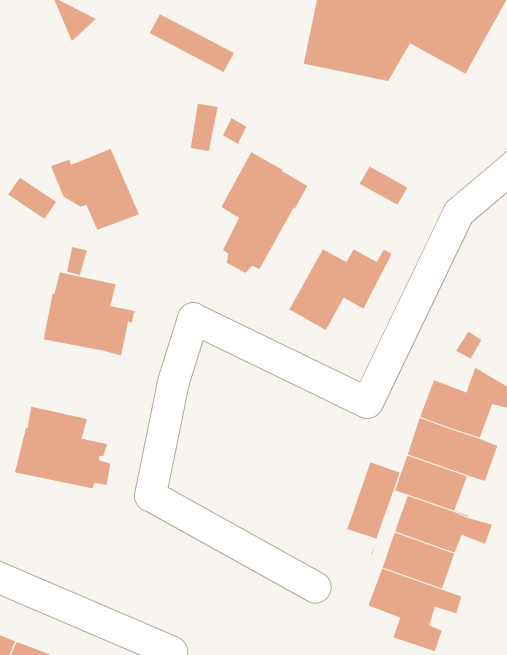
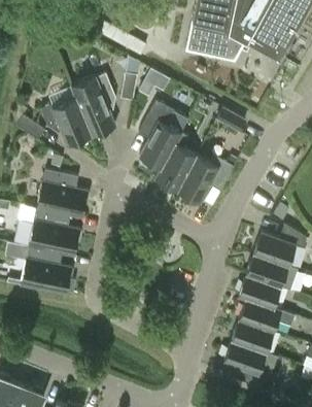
building: none -> [71,75,115,137]
building: none -> [154,134,197,192]
building: none -> [28,209,81,257]
building: [346,462,401,555] -> none

